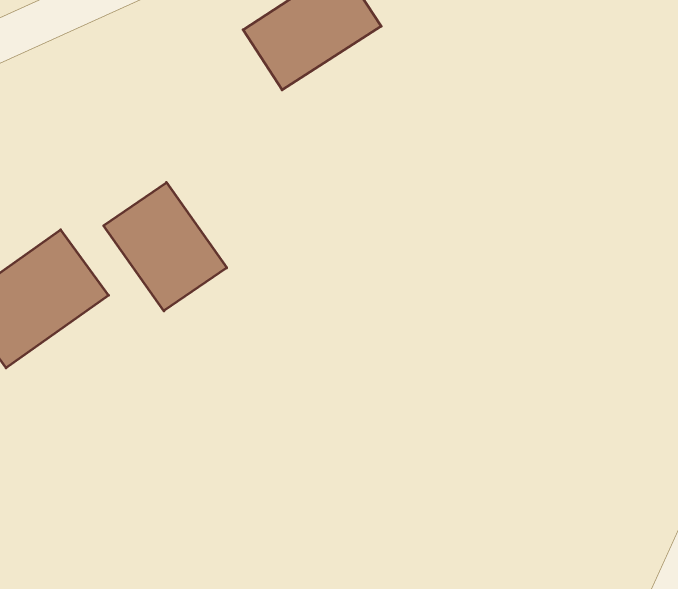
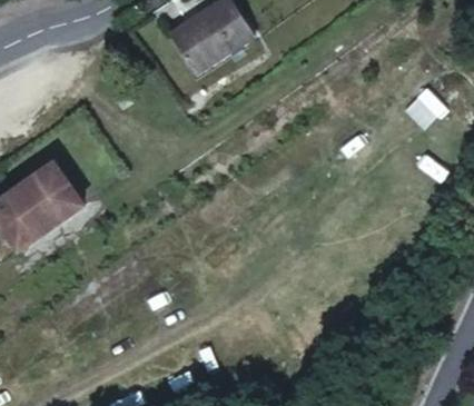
building: [104,182,227,311] -> none

